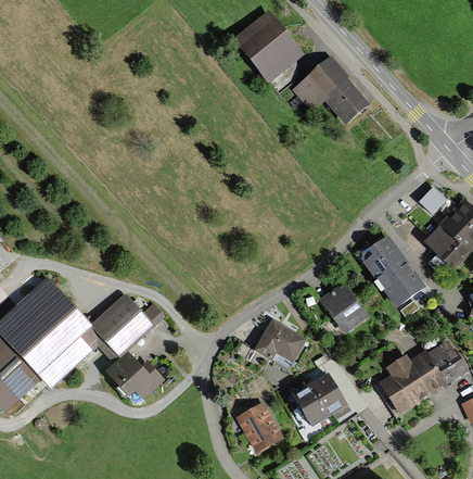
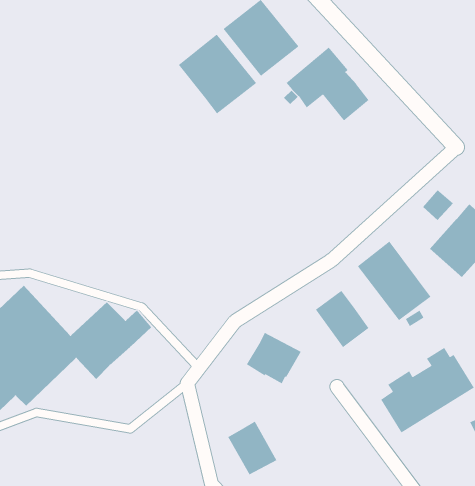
building: none -> [178,33,257,114]
building: [105,351,165,400] -> none
building: [292,374,351,428] -> none

